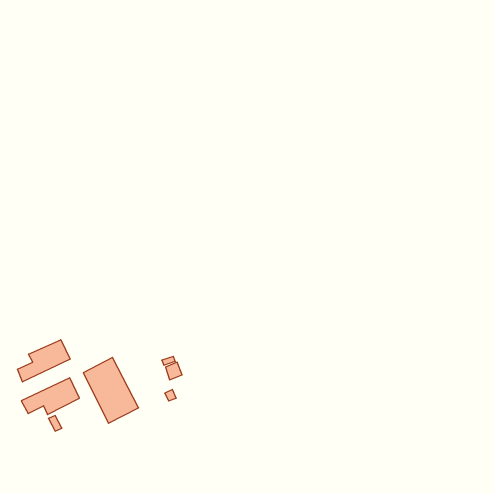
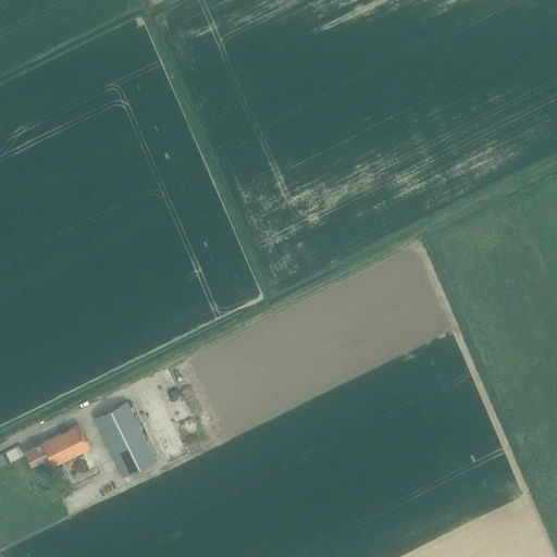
building: [17,340,70,382] -> none

